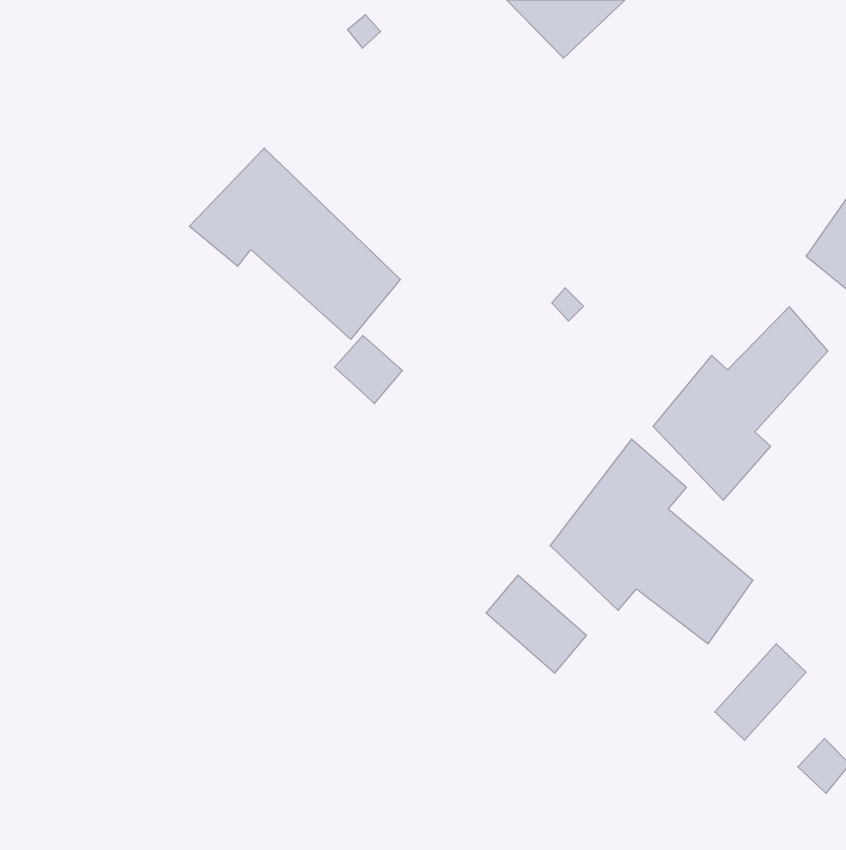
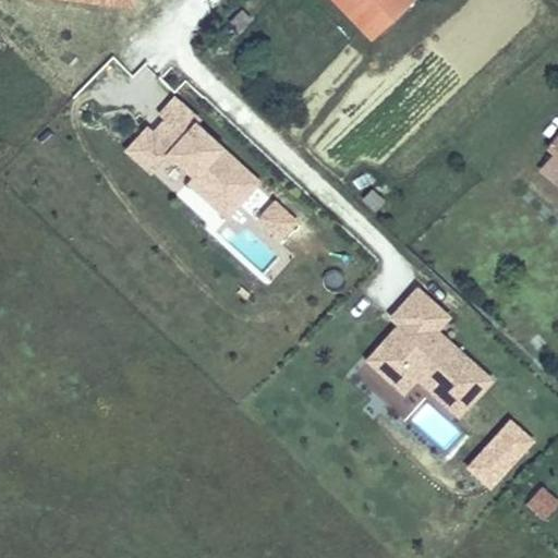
building: [653,307,828,500] -> none
building: [335,335,403,404] -> [255,197,300,242]
building: [486,575,586,673] -> none

